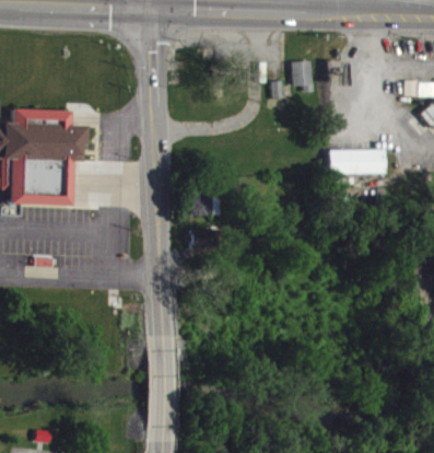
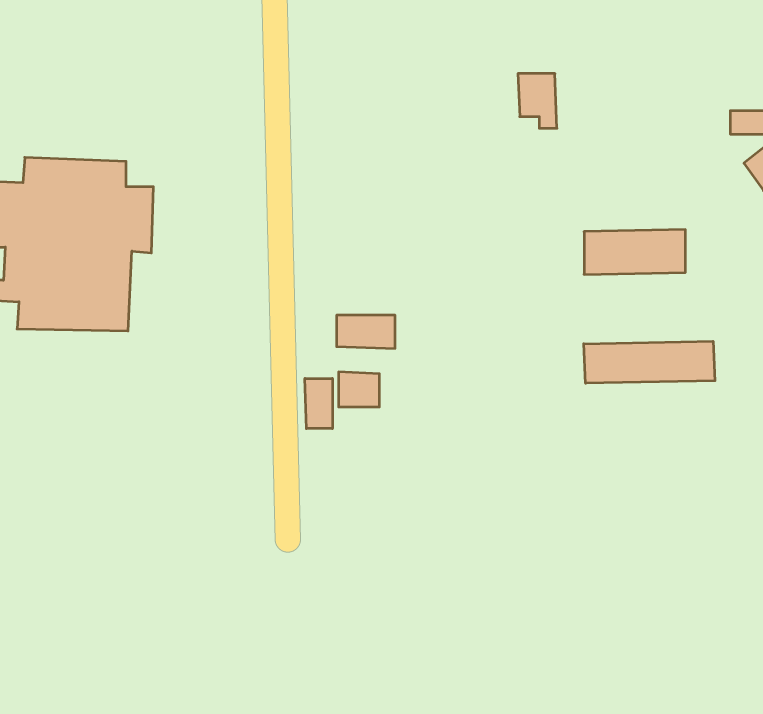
building: none -> [584,341,715,383]
building: none -> [305,378,332,429]

